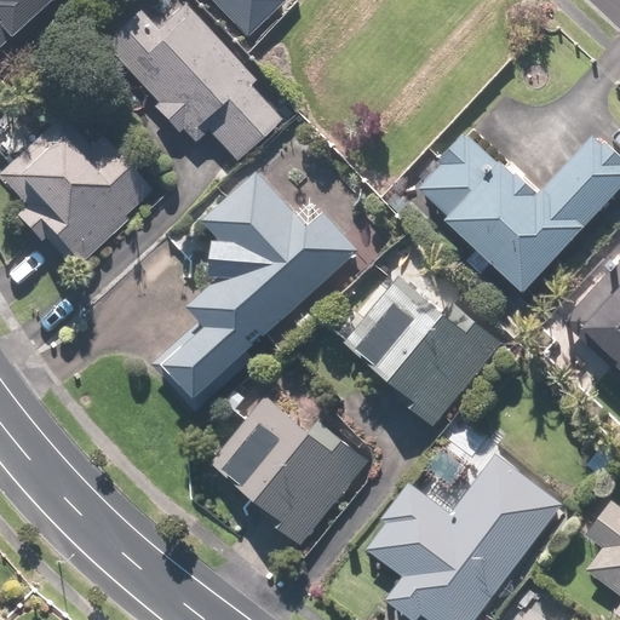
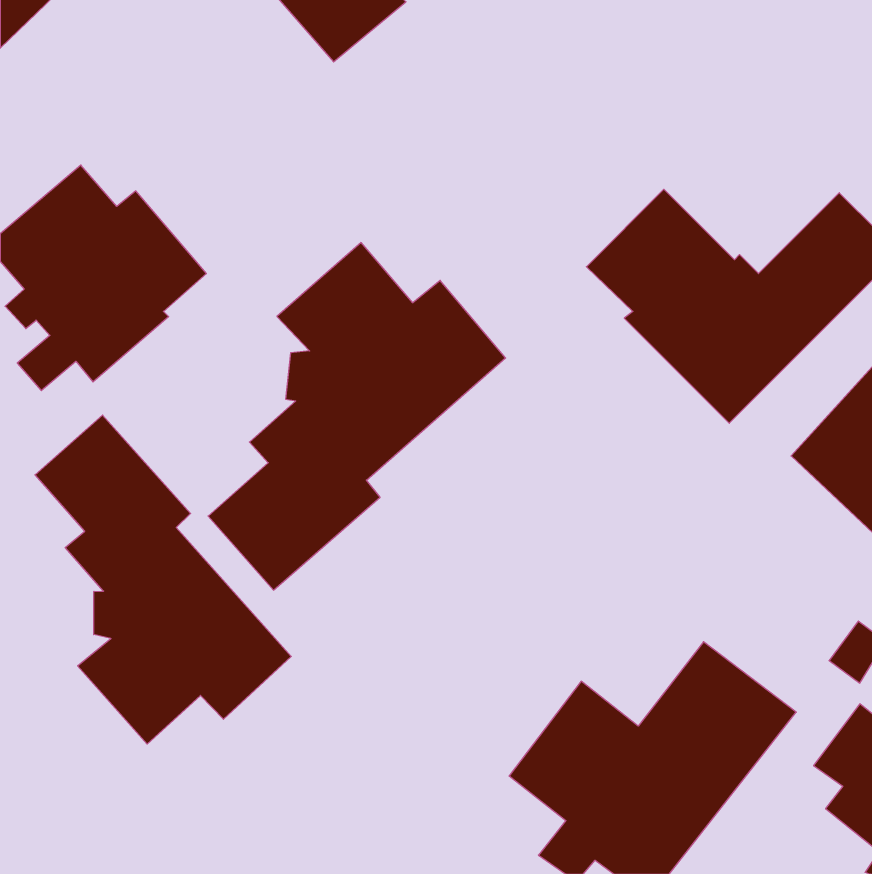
building: [98,5,276,160] -> none
building: [341,268,507,423] -> none
building: none -> [35,415,291,744]
building: [209,396,373,545] -> none

